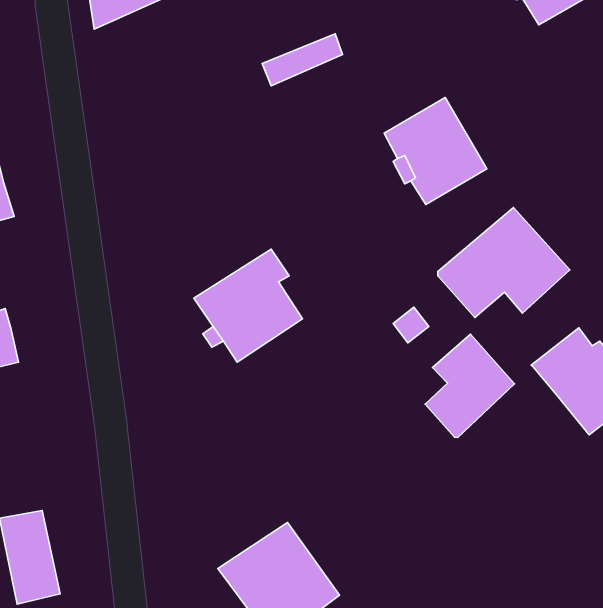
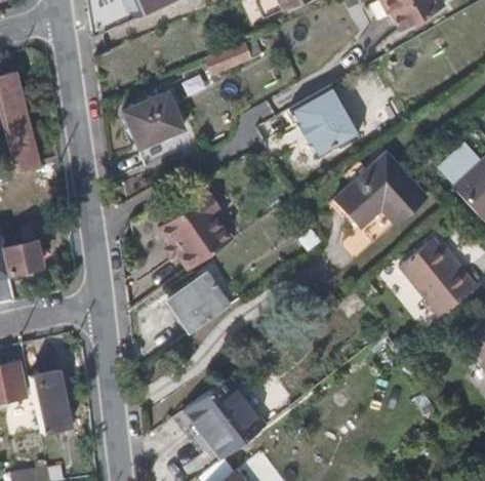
building: none -> [130,94,198,164]
building: [425,334,515,438] -> none
building: none -> [169,273,227,329]

